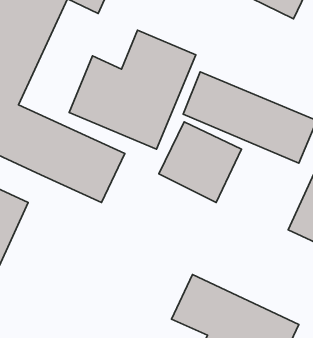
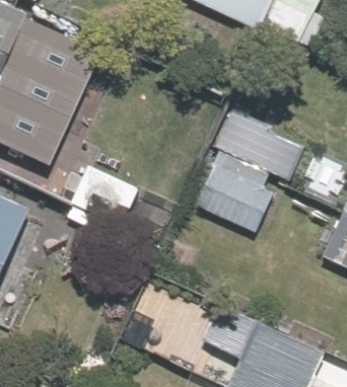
building: [69,30,196,149] -> none

